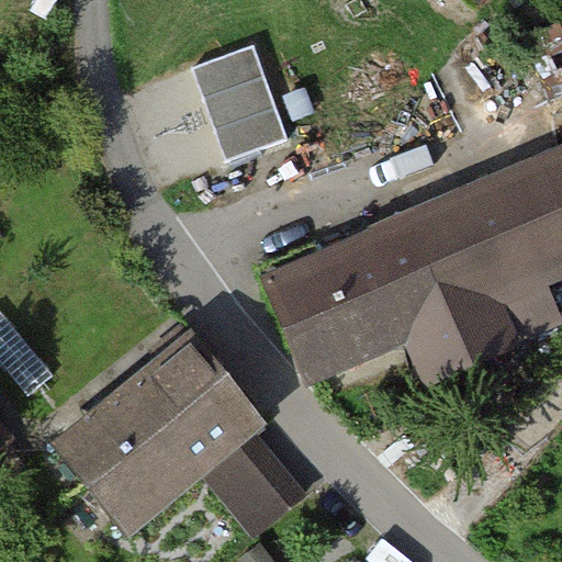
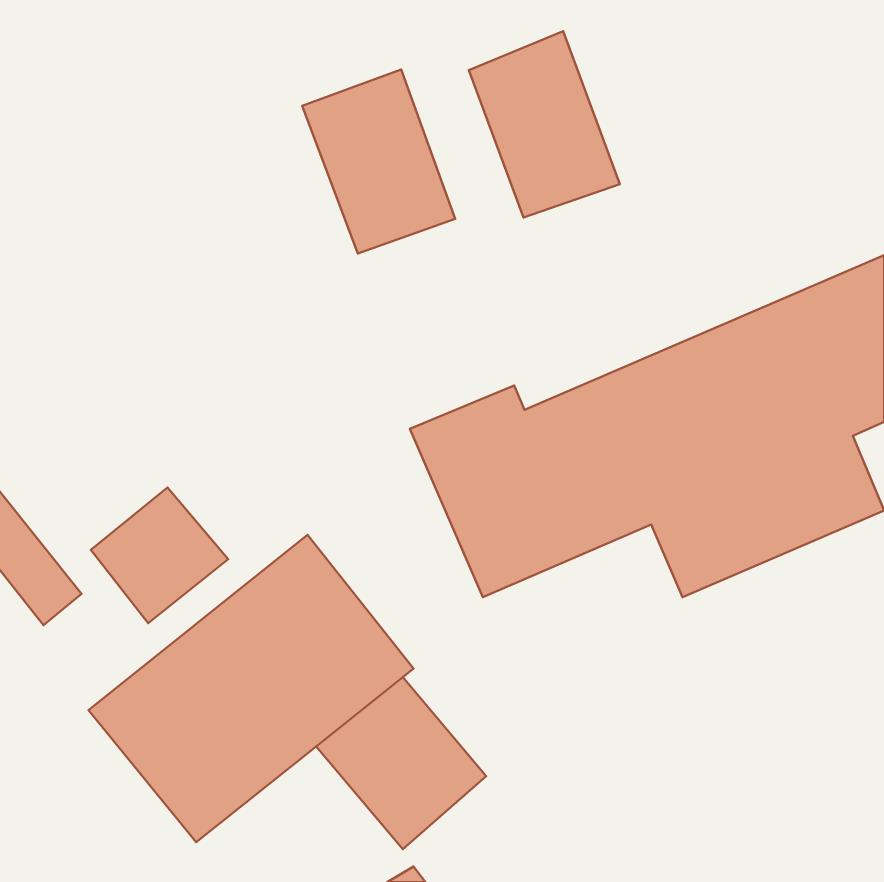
building: none -> [469,31,620,217]
building: none -> [91,488,228,623]

